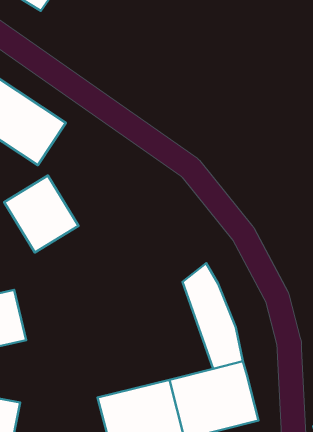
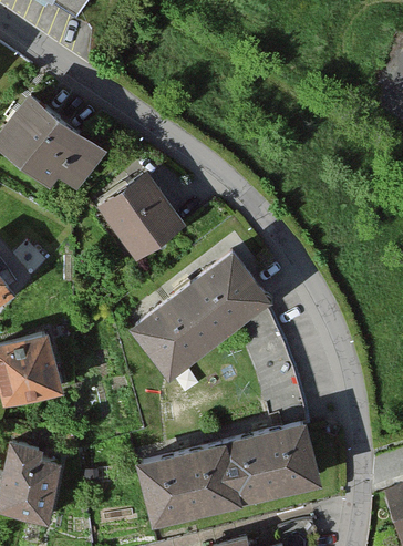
building: [4,175,79,253] -> [101,176,184,262]
building: none -> [131,247,276,381]

